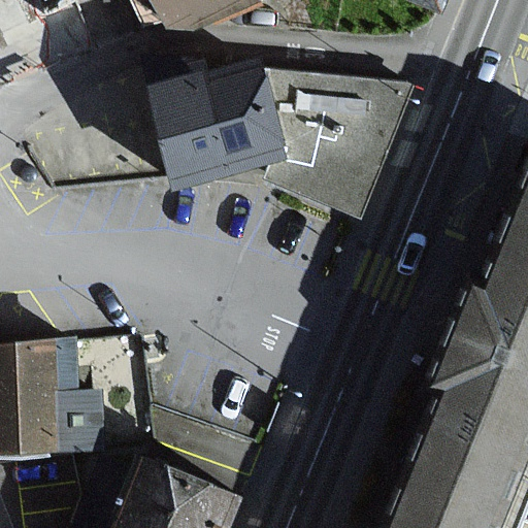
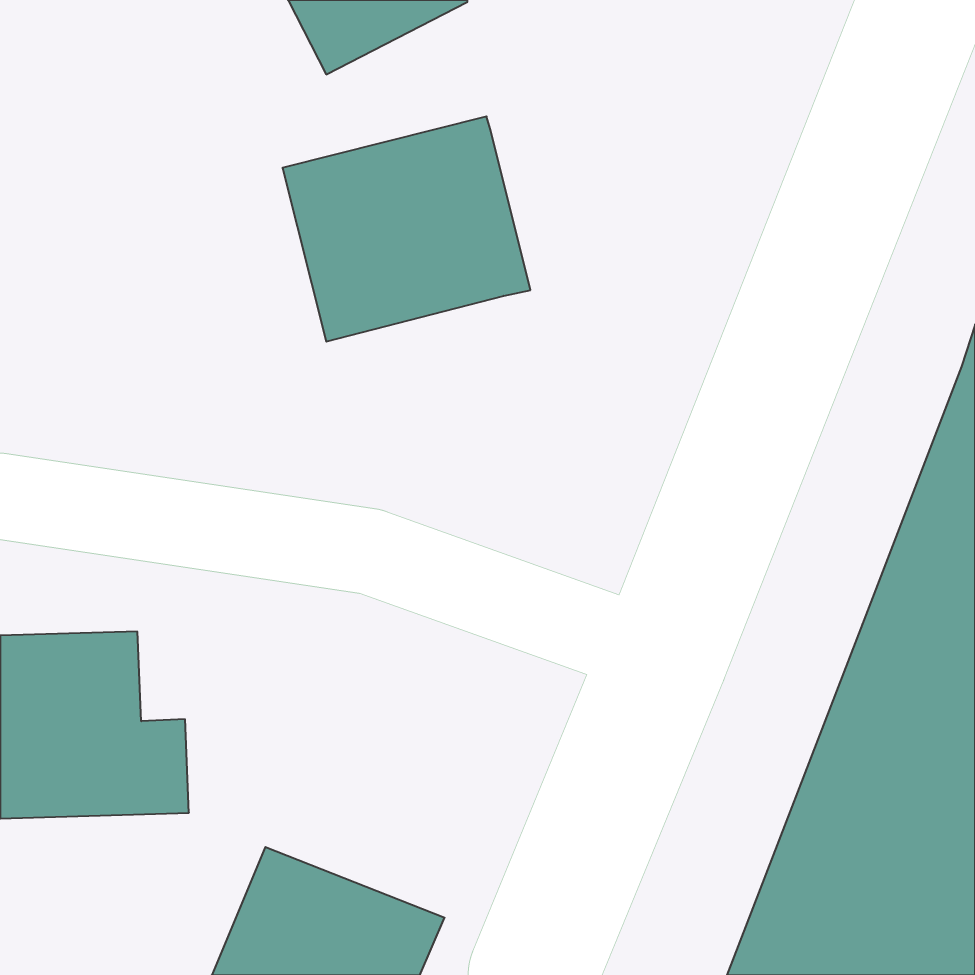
building: [265,70,411,214] -> none

